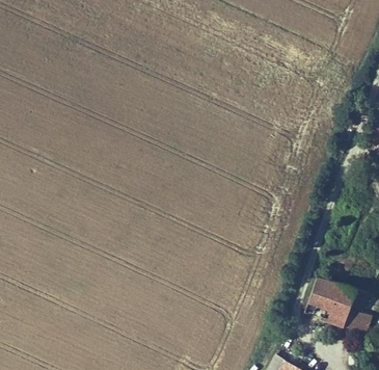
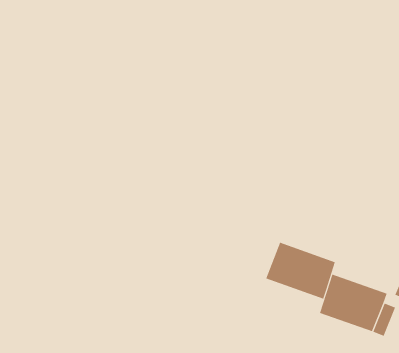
building: none -> [265,242,335,299]

